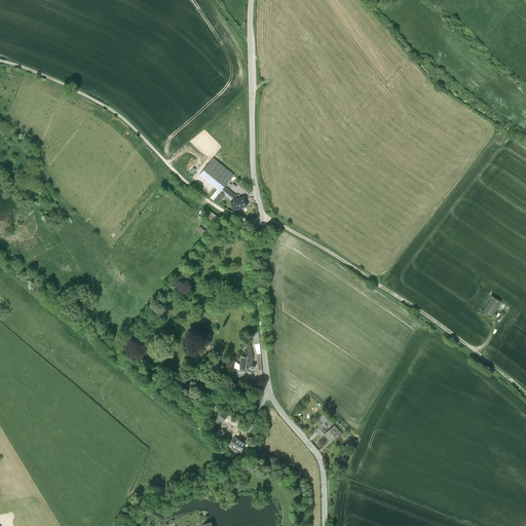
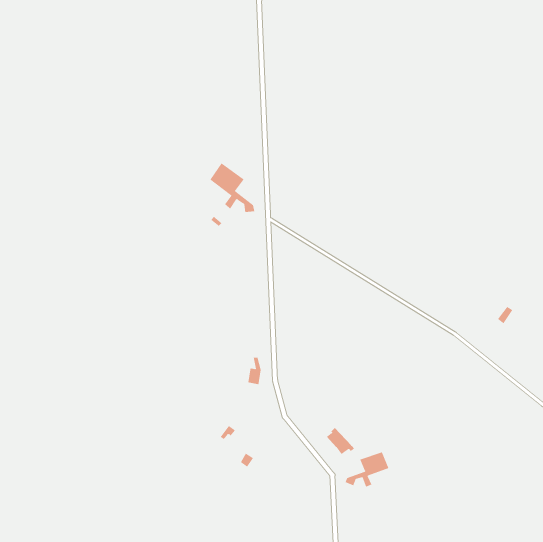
building: none -> [345,452,389,487]

